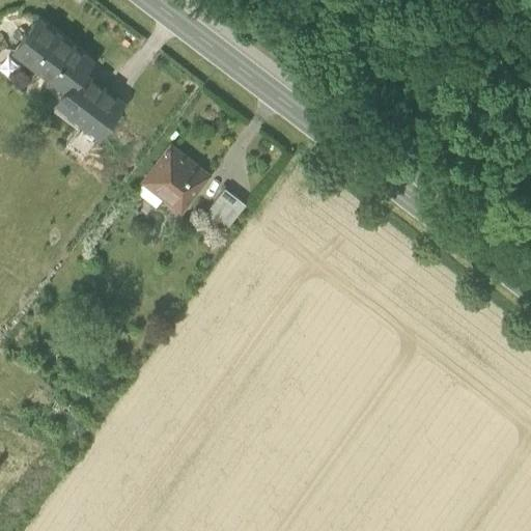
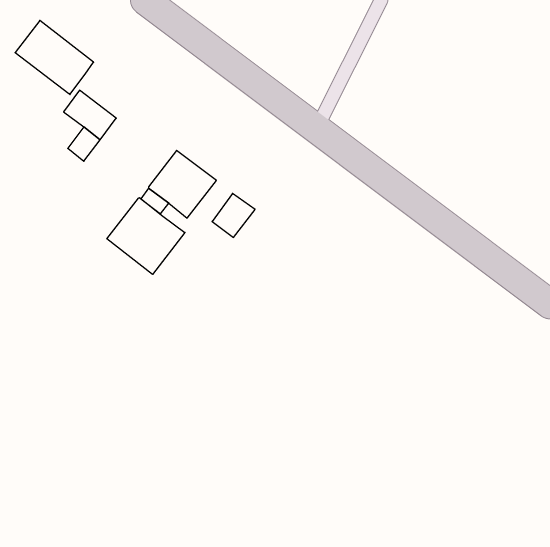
building: [56,74,121,116] -> none
building: none -> [107,198,185,274]

